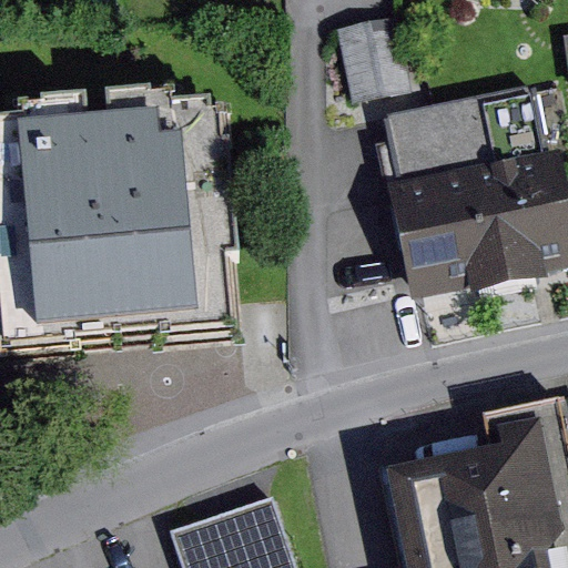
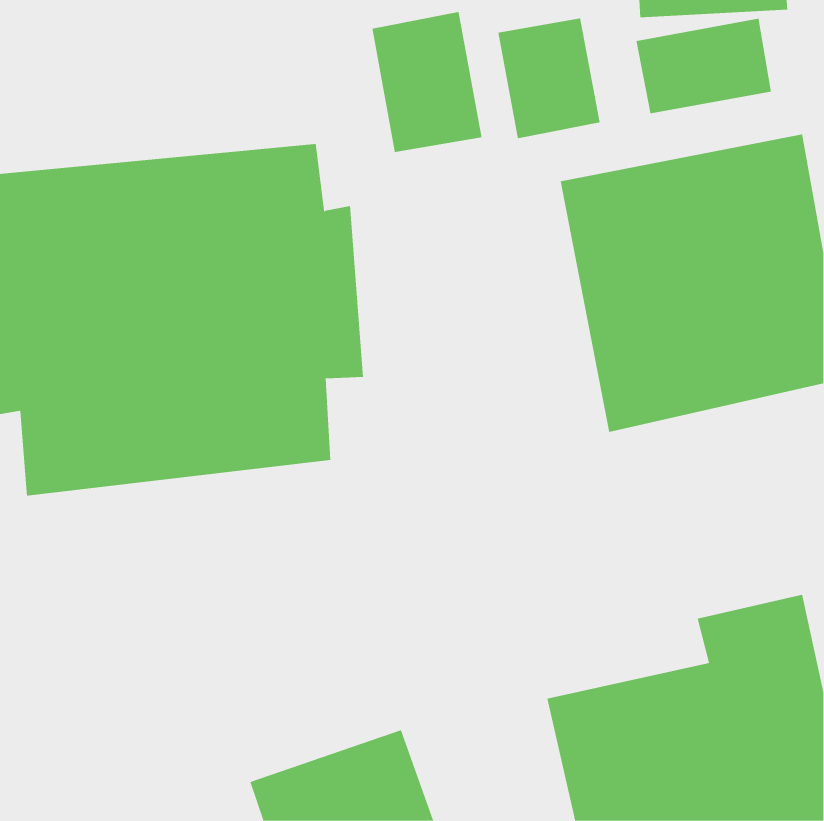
building: none -> [372,11,482,153]
building: none -> [636,18,771,114]

